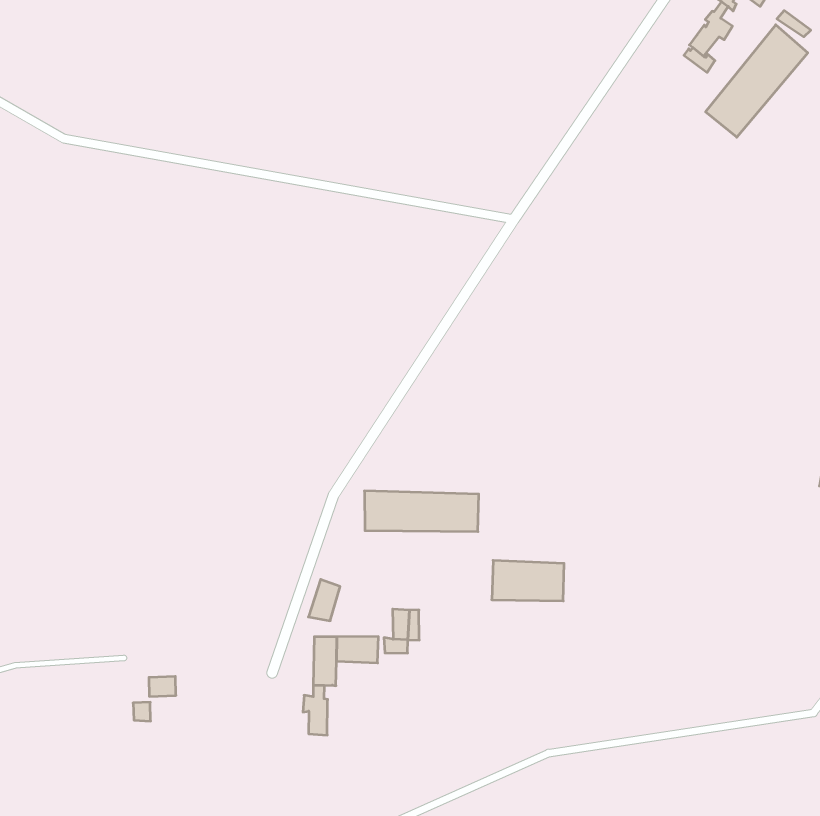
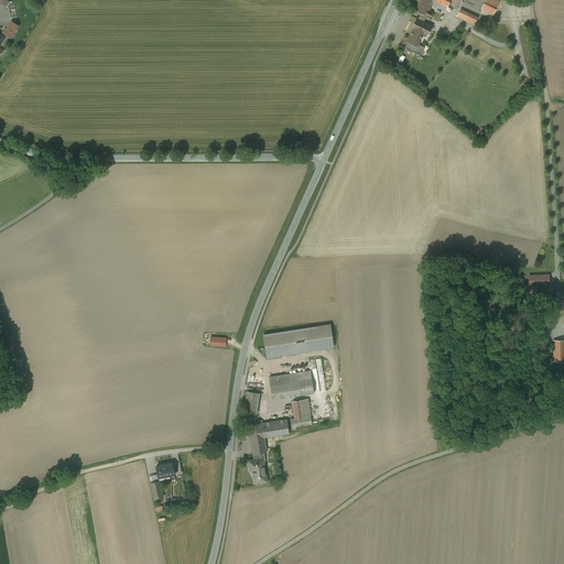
building: [706,25,808,137] -> none
building: [492,560,564,601] -> [269,371,314,400]

